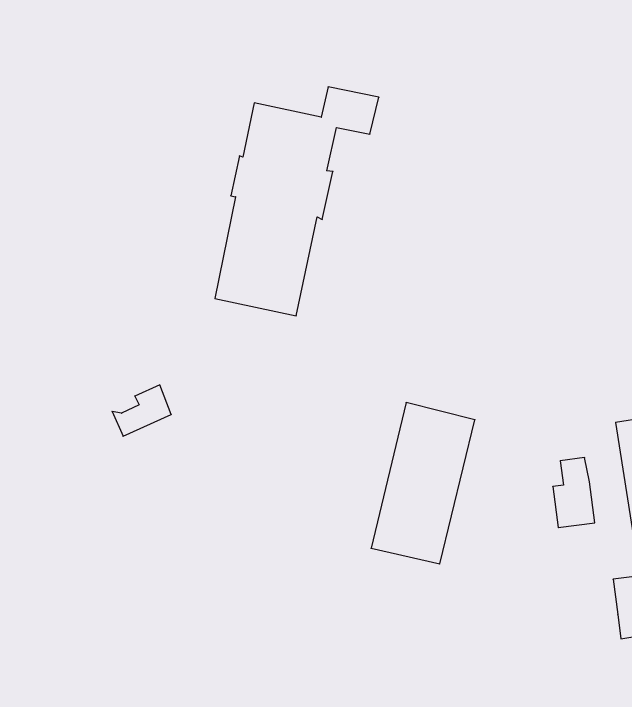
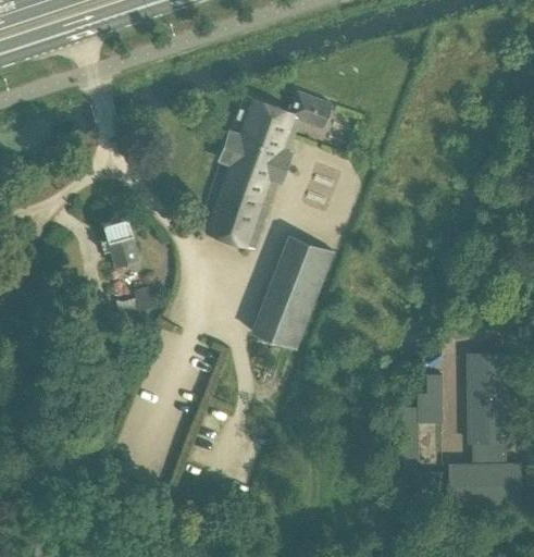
building: none -> [101,218,137,265]
building: [371,403,475,564] -> [249,234,334,350]

